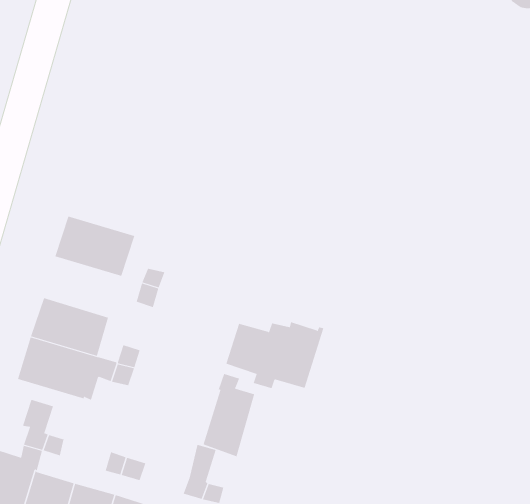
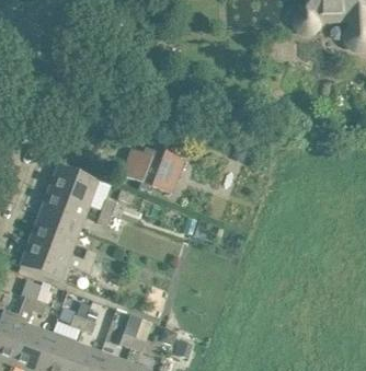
building: none -> [38,187,89,228]
building: [226,322,324,389] -> [122,147,185,190]
building: [203,373,255,457] -> none

